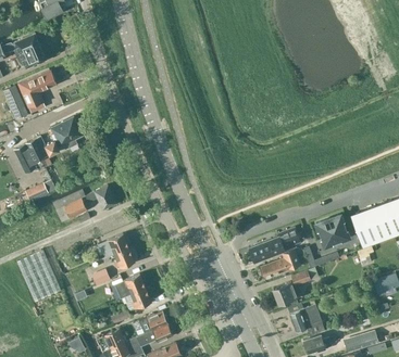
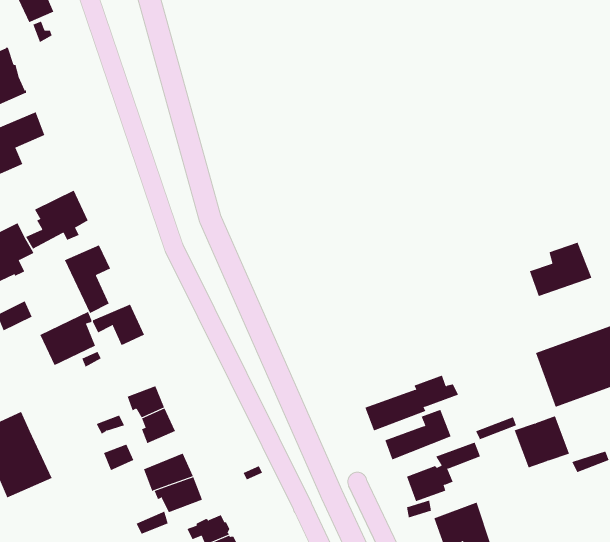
building: none -> [529,242,592,297]
building: none -> [64,244,111,314]
building: [315,215,349,246] -> [514,416,570,468]

